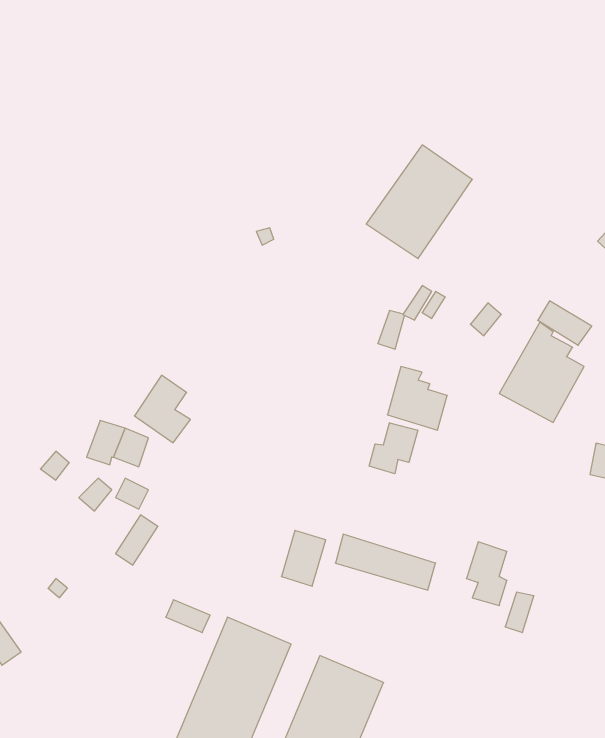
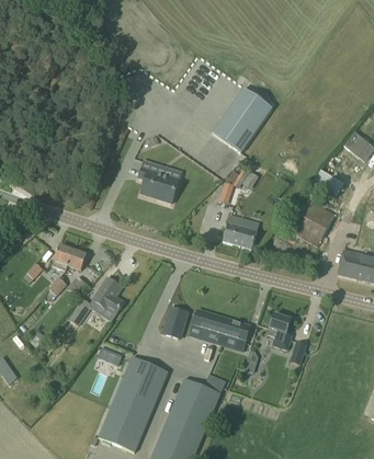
building: none -> [138,159,181,203]
building: [134,375,190,443] -> [92,277,124,315]
building: [369,423,418,474] -> none

